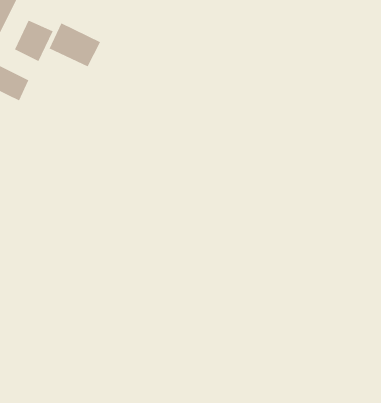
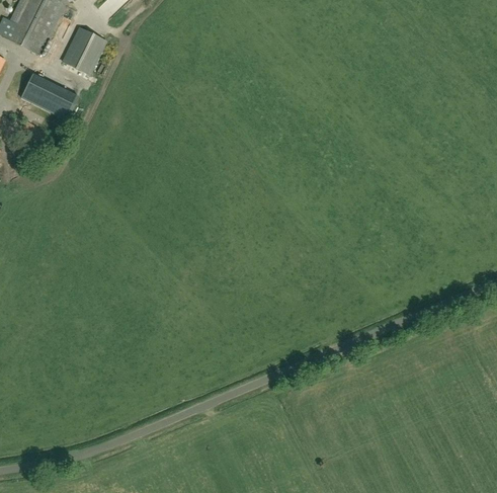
building: [49,23,101,67] -> none

